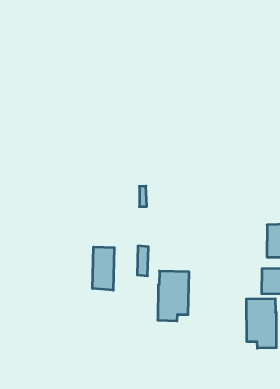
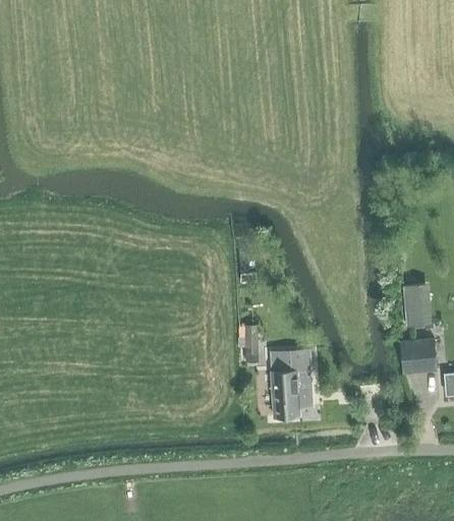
building: [93,247,114,290] -> none
building: [246,299,276,348] -> none

